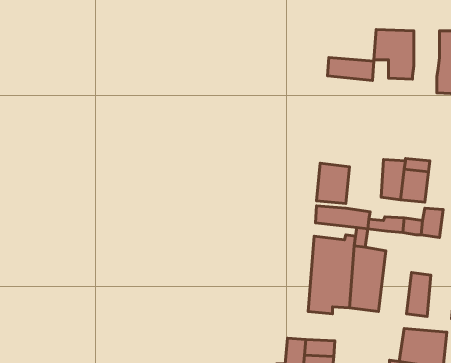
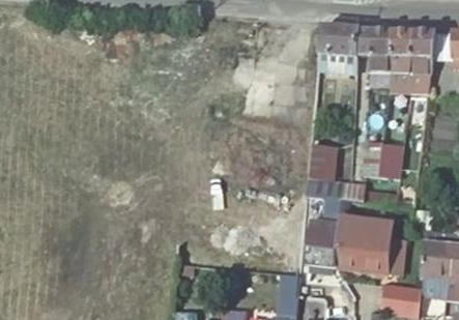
building: none -> [319,27,360,57]
building: none -> [390,31,413,86]
building: none -> [362,219,392,272]

